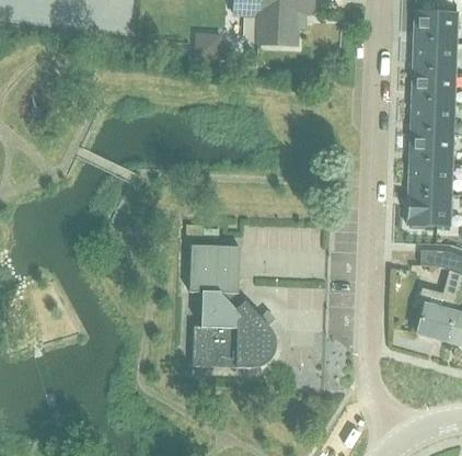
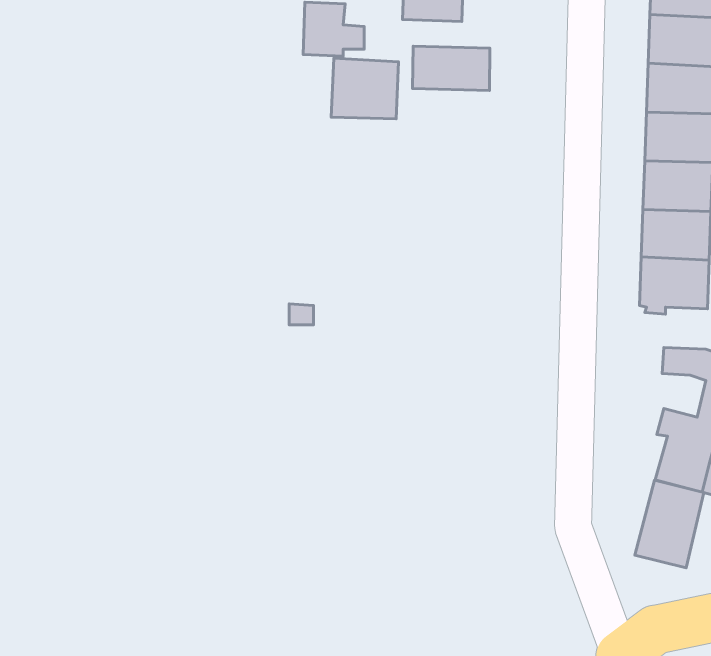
building: none -> [413,46,490,90]
building: none -> [331,58,398,119]
building: [189,243,277,367] -> none
building: none -> [635,480,704,568]

